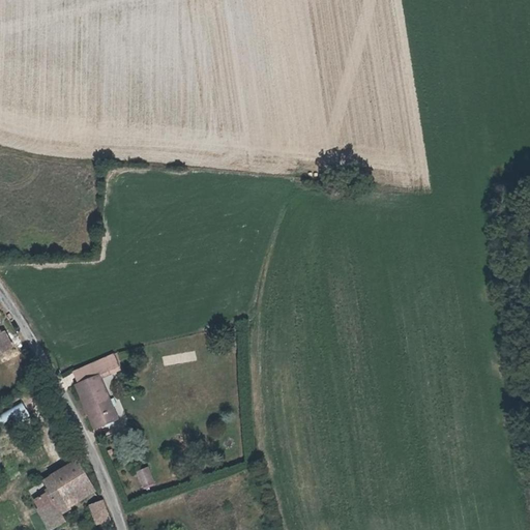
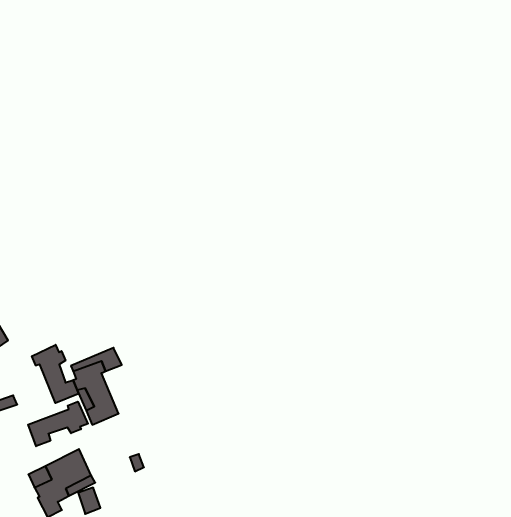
building: none -> [32,345,78,403]
building: none -> [28,402,88,446]

